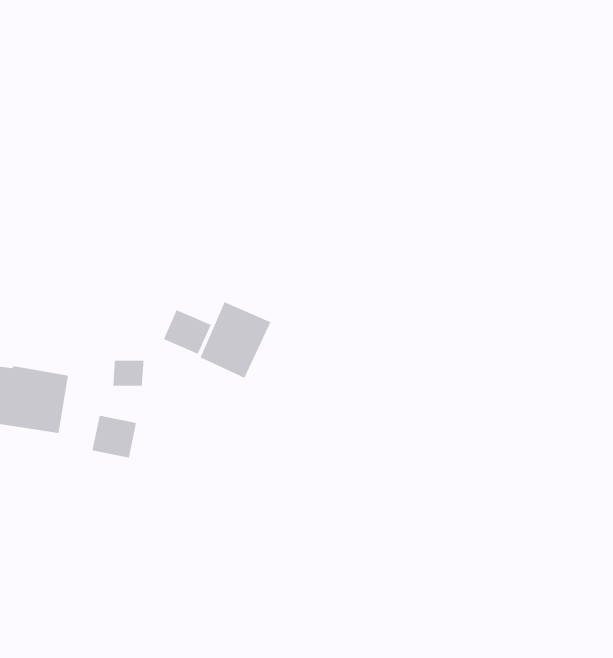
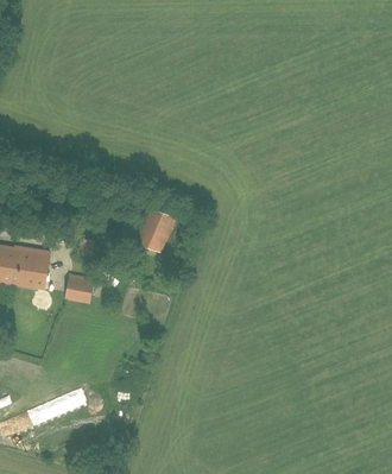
building: [163,309,212,355] -> none

